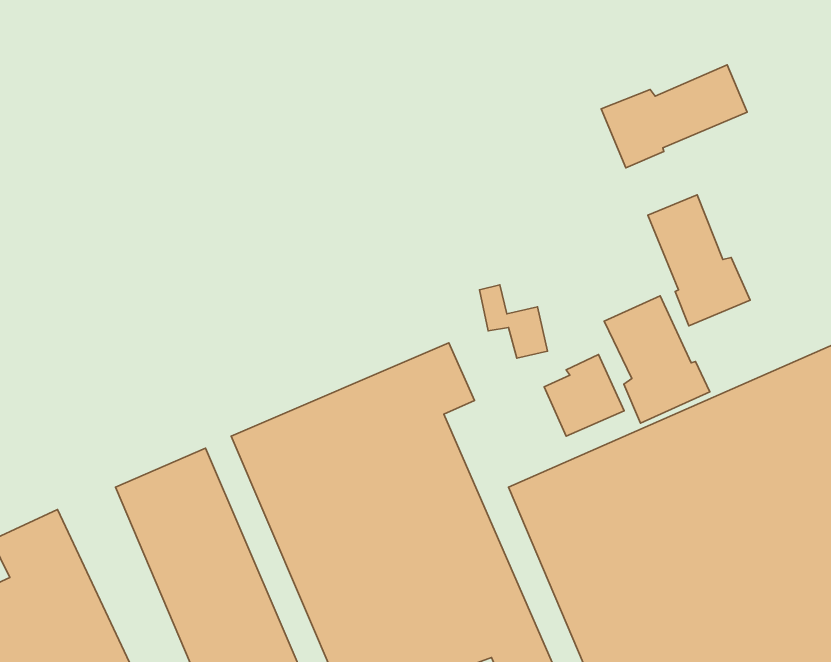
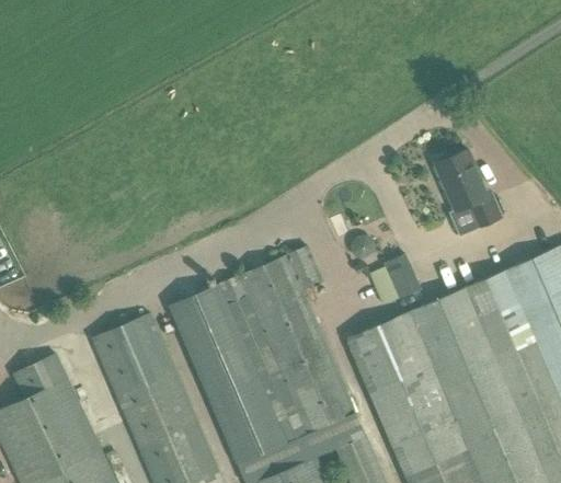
building: [601,65,747,168] -> none
building: [604,296,710,423] -> none

